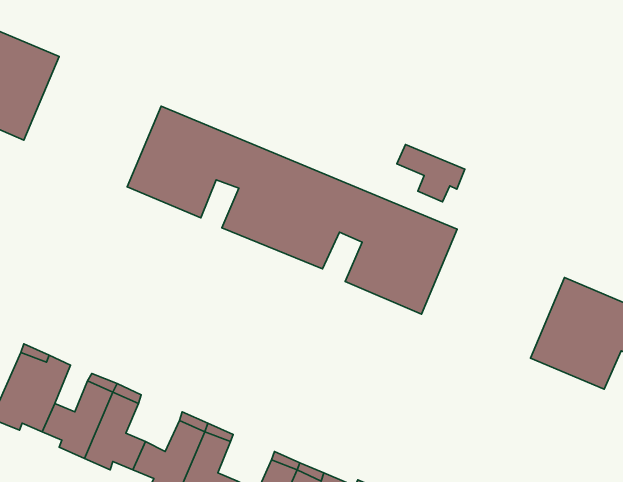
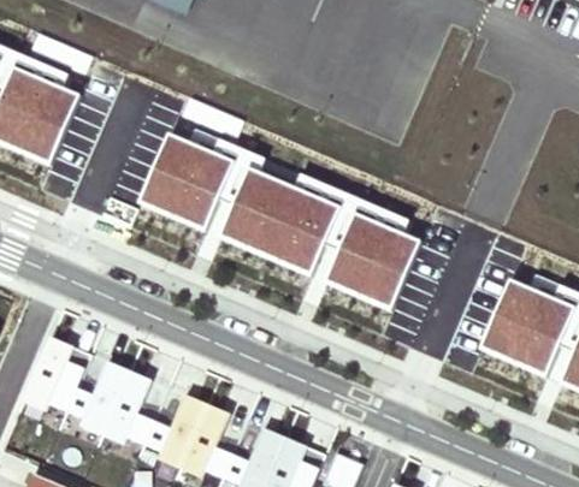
building: [397,144,465,202] -> none

